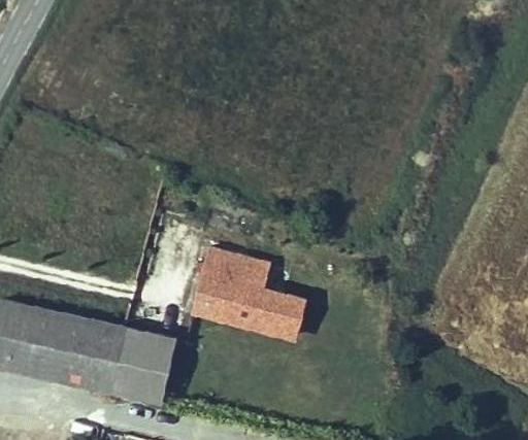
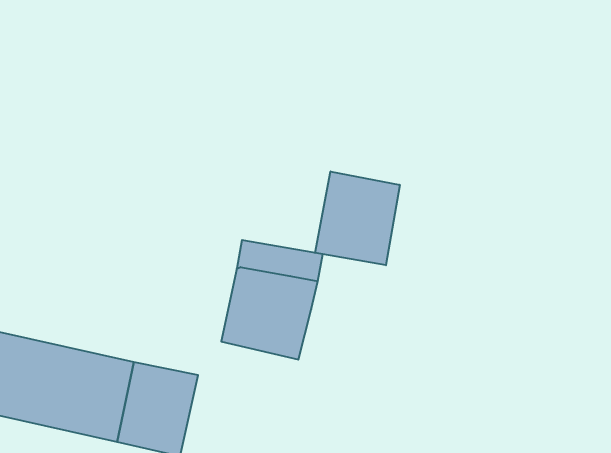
building: none -> [315,171,400,265]
building: [254,286,304,337] -> none

